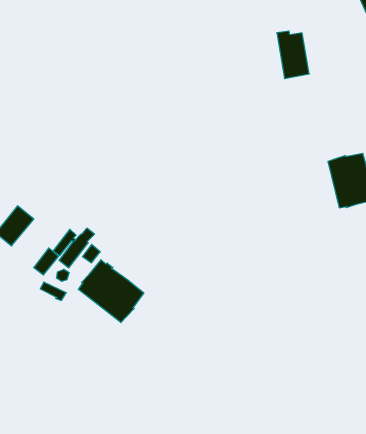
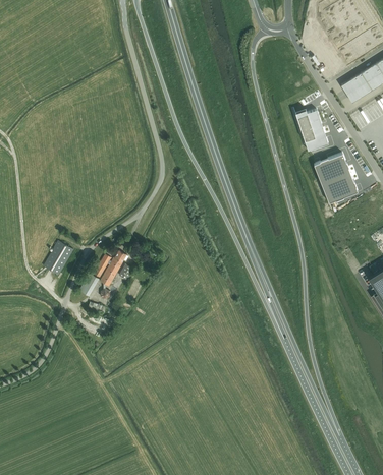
building: [277,31,309,79] -> [295,110,328,151]
building: [78,260,144,323] -> none

